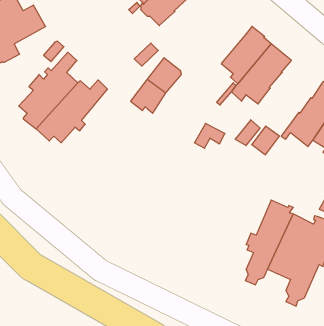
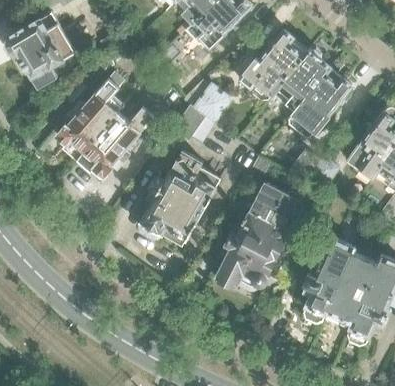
building: none -> [240,31,303,102]
building: none -> [140,151,220,240]
building: none -> [217,183,305,288]

